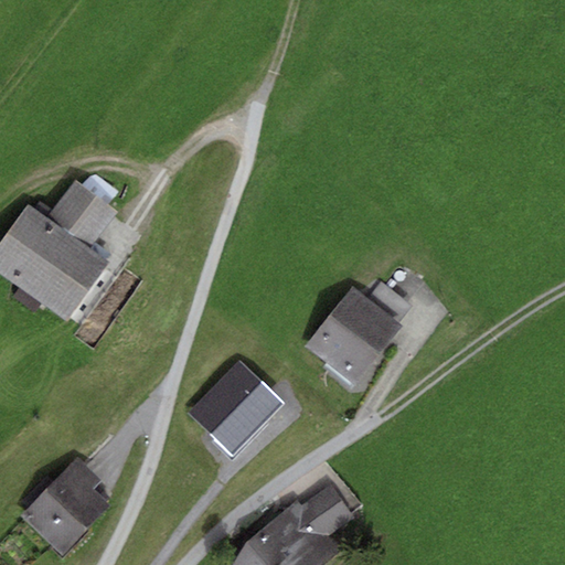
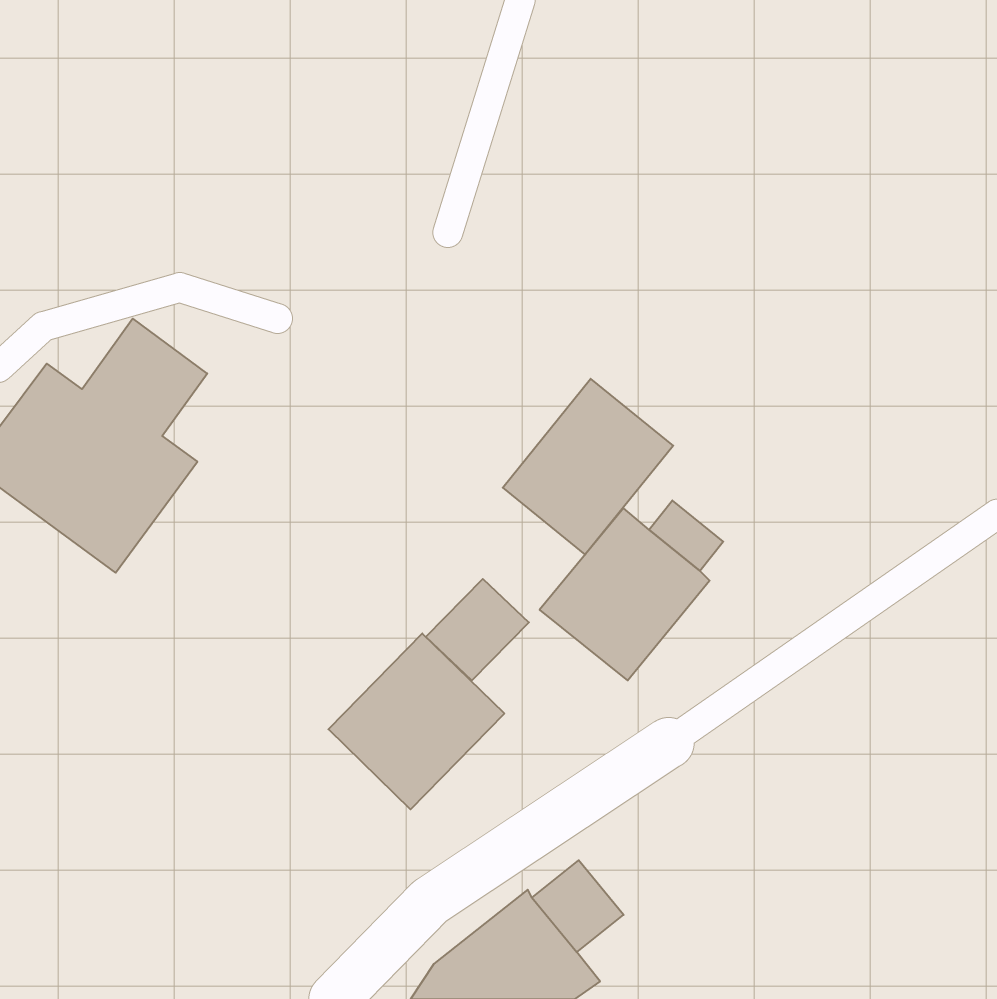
building: none -> [503,379,673,555]
building: none -> [426,579,529,680]
building: [21,459,109,555] -> none

